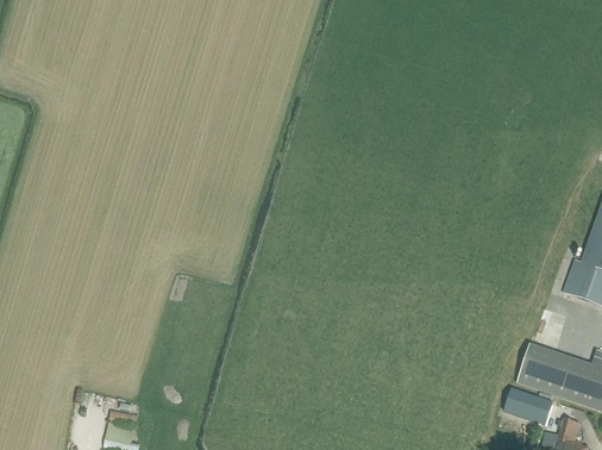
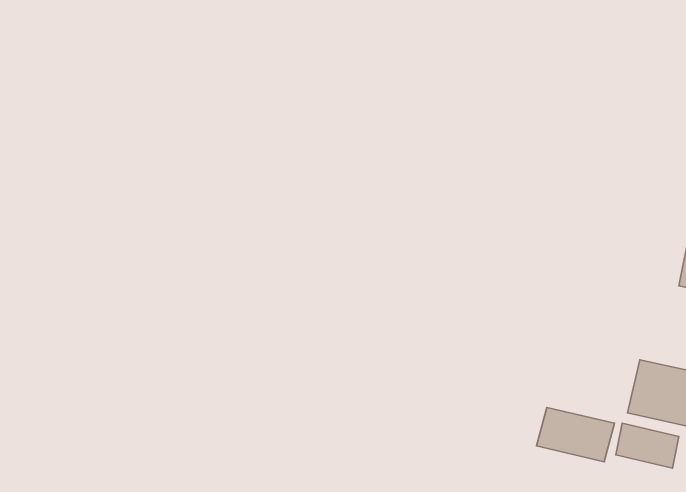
building: none -> [537,407,615,462]

